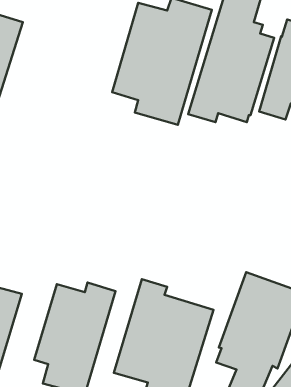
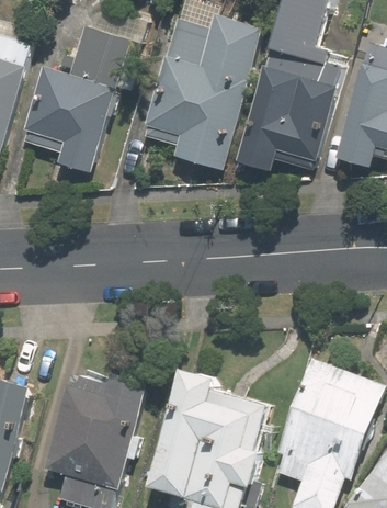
building: none -> [20,27,128,174]

